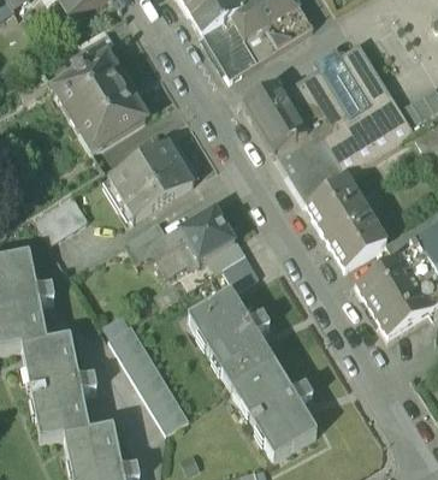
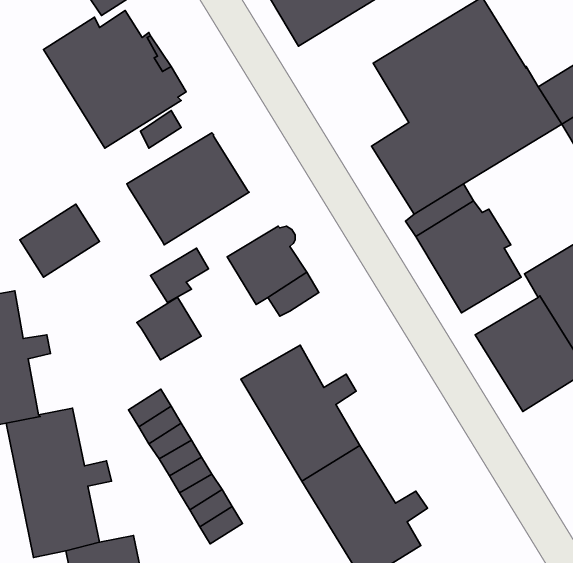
building: [244,82,308,154] -> none
building: [150,229,196,273] -> [137,297,201,360]
building: [224,253,260,289] -> none

